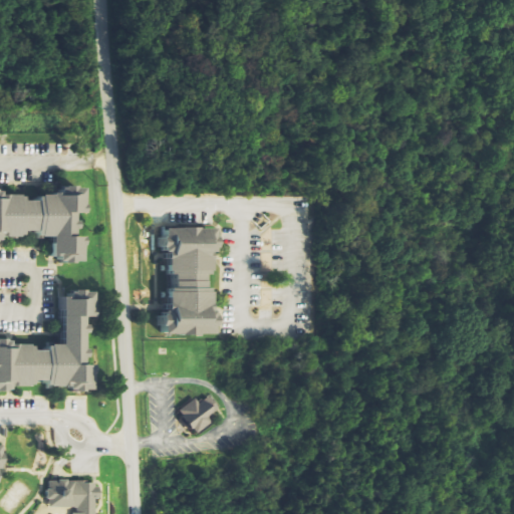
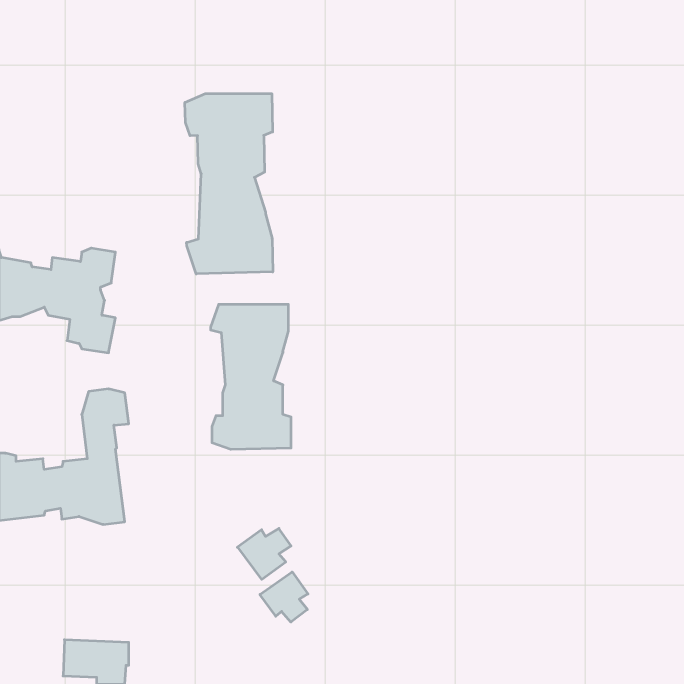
building: none -> [185,94,273,274]
building: none -> [260,572,308,622]

